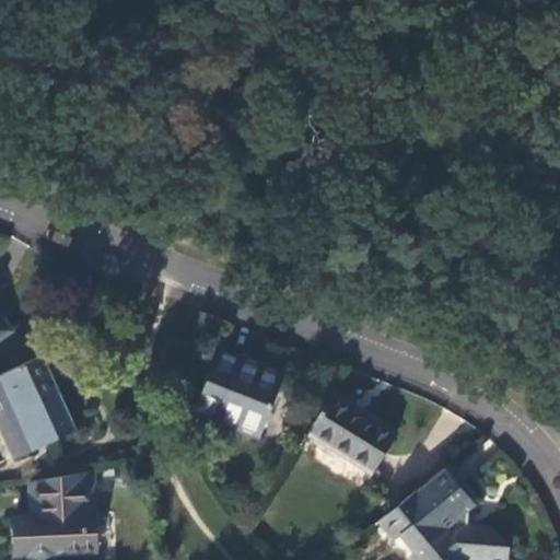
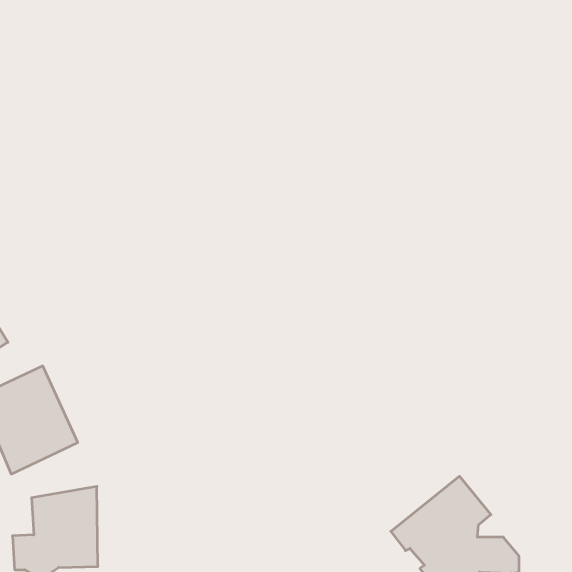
building: [195,353,281,440] -> none
building: [303,394,393,475] -> none

